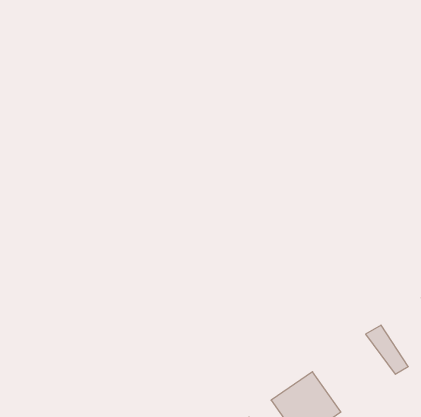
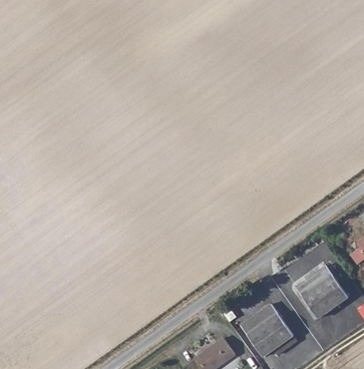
building: none -> [295,273,335,316]

